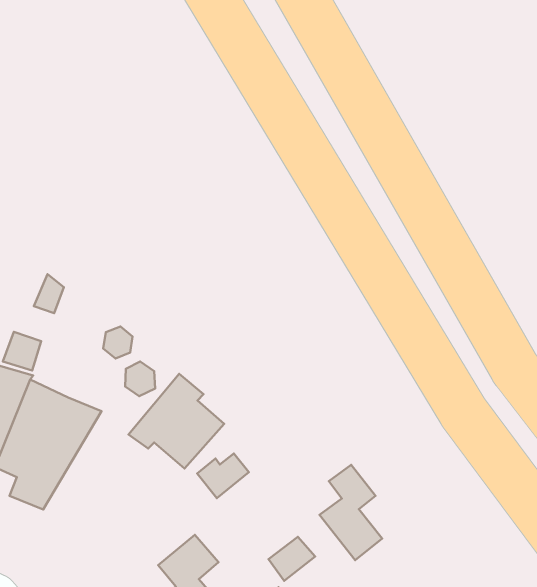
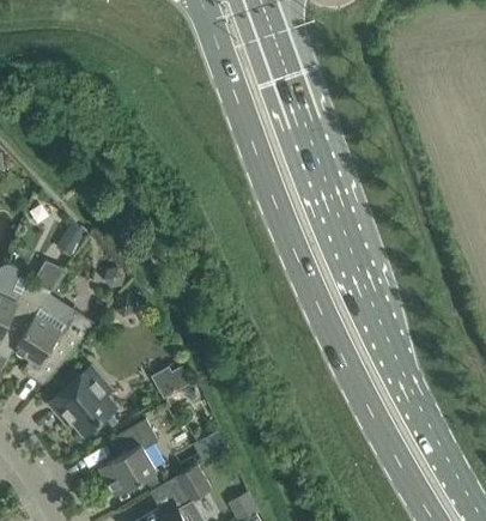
building: [128,374,224,469] -> [48,368,115,434]
building: [320,465,382,560] -> none

